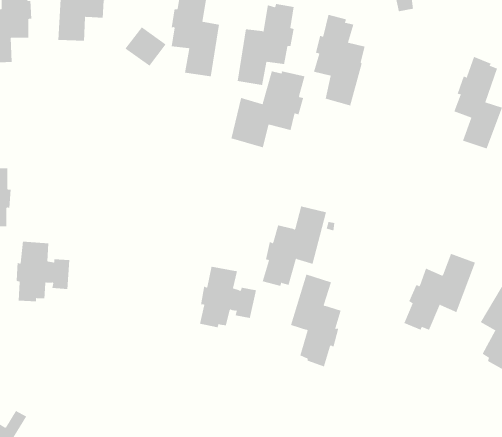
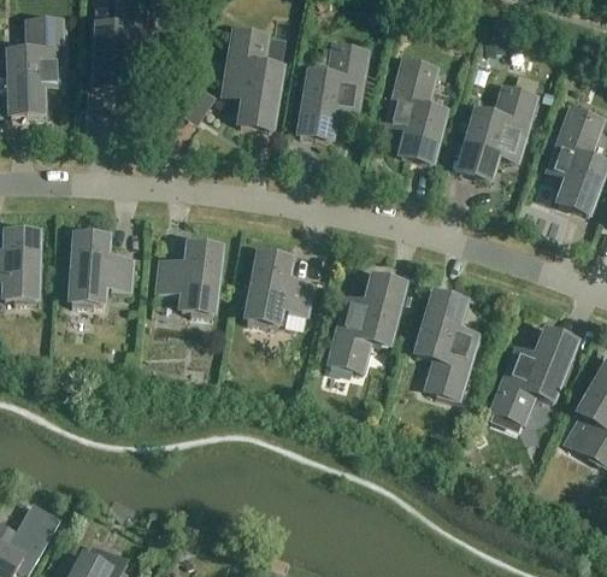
building: none -> [459,87,536,178]
building: [231,70,305,148] -> none
building: none -> [158,245,220,316]
building: [16,241,70,302] -> [69,235,131,305]
building: [199,266,257,328] -> [246,254,312,325]
building: [290,274,341,367] -> [417,293,476,400]

